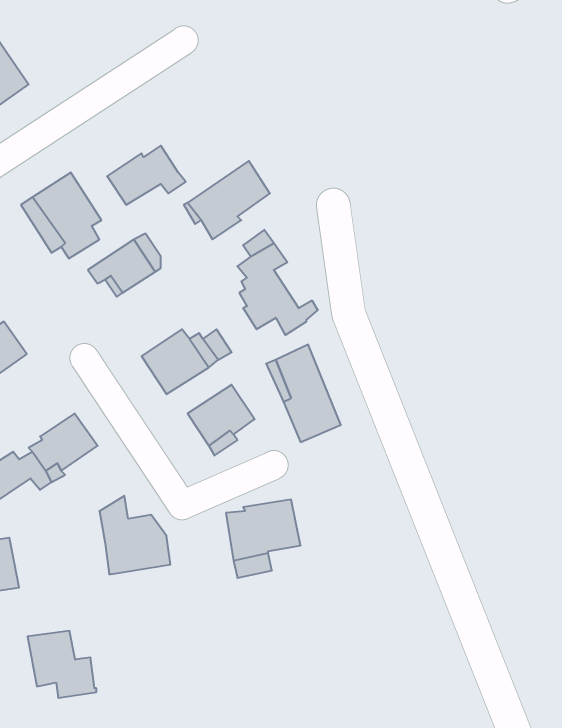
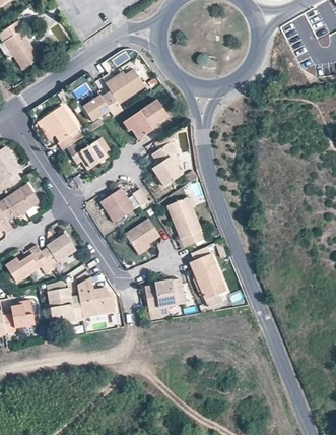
building: none -> [106,68,145,104]
building: none -> [190,252,226,306]
building: [27,631,96,698] -> [48,287,84,322]

